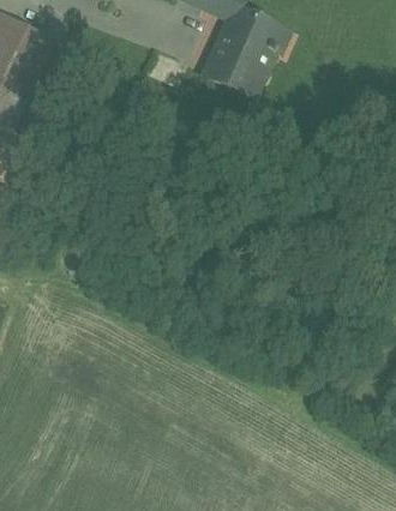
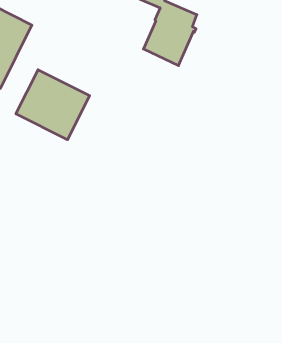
building: none -> [16,70,90,140]

